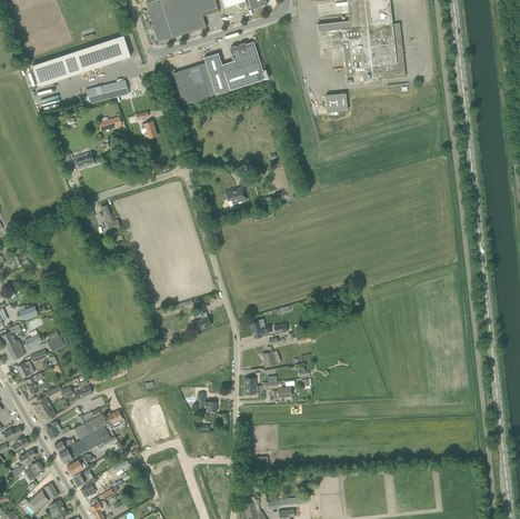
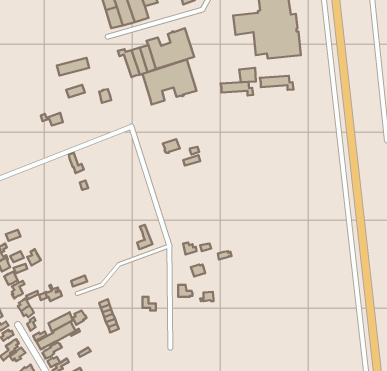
building: [32,36,130,87] -> none
building: none -> [142,60,197,105]
building: none -> [260,76,294,90]
building: none -> [221,82,253,95]

